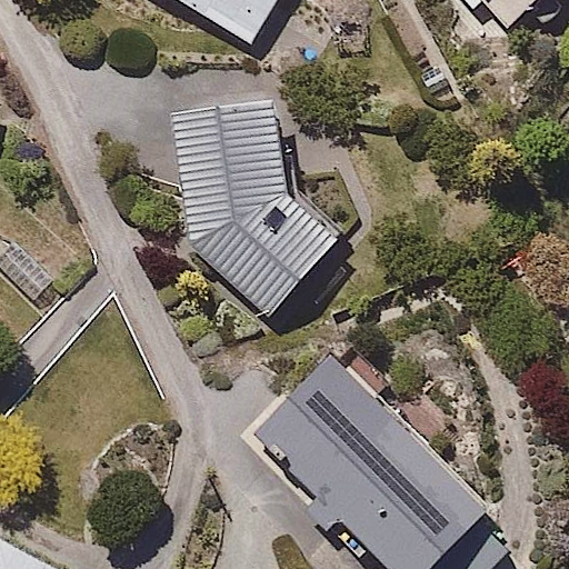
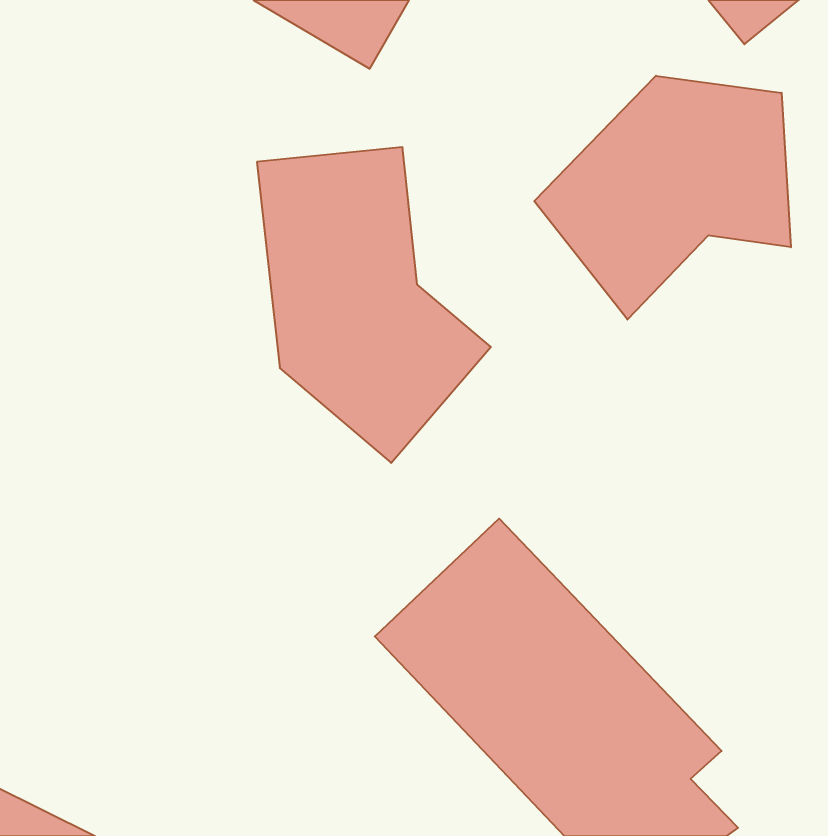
building: none -> [534,76,791,320]

